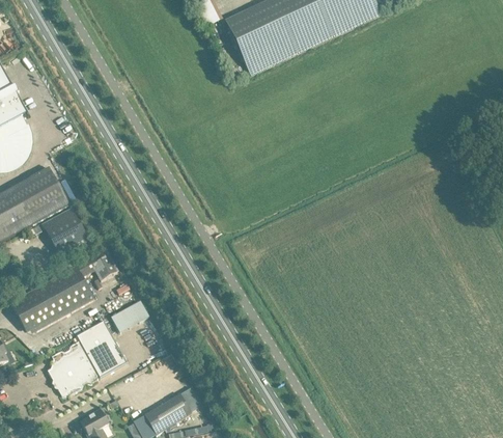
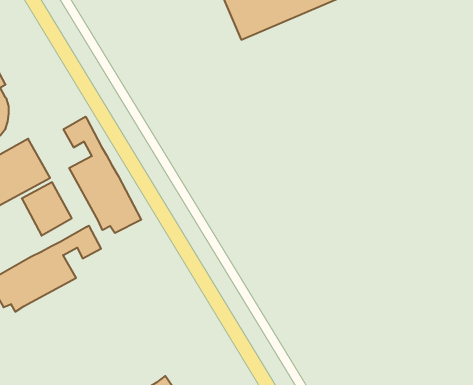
building: none -> [64,117,141,233]
building: [110,301,148,333] -> none
building: [47,321,127,398] -> none

